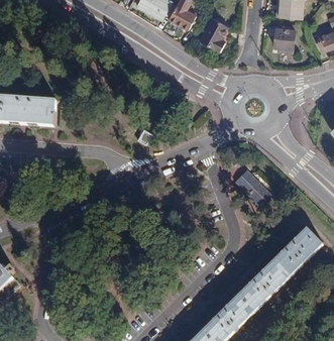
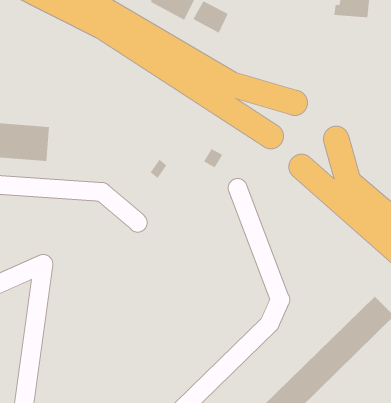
building: [199,17,227,50] -> none
building: [274,27,295,48] -> none
building: [235,170,270,206] -> none

